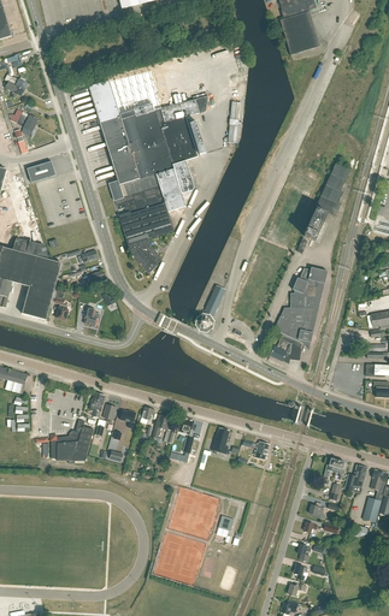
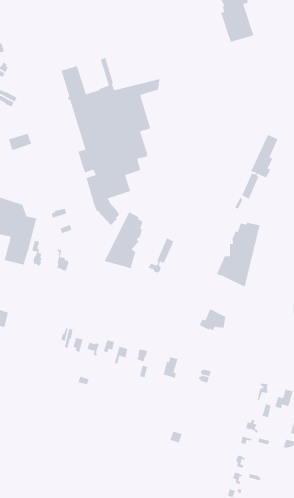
building: none -> [104,211,144,270]
building: [270,334,302,362] -> [199,308,226,332]
building: [51,420,94,462] -> none

